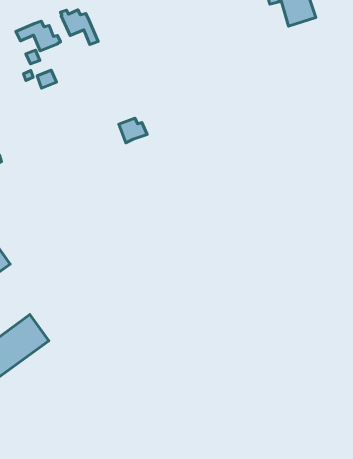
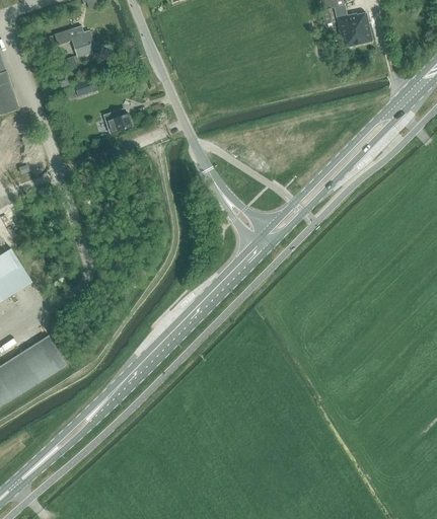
building: [60,10,98,45] -> none
building: [119,118,147,143] -> [103,108,133,134]

